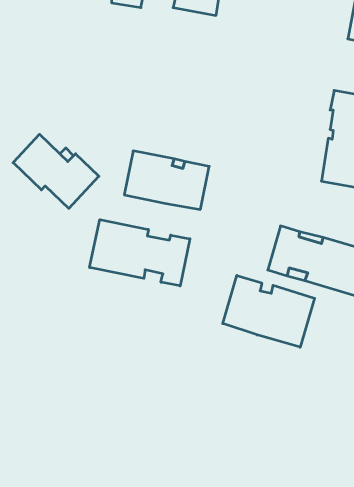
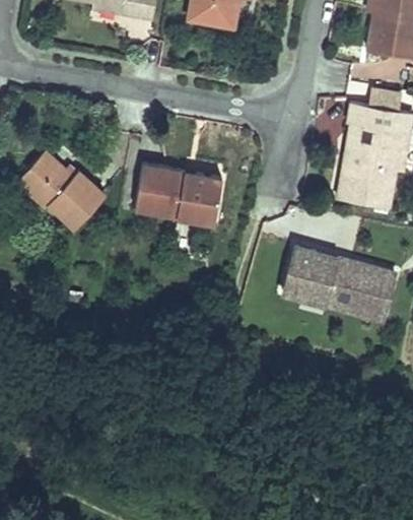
building: [90,220,190,286] -> none
building: [223,275,315,347] -> none

